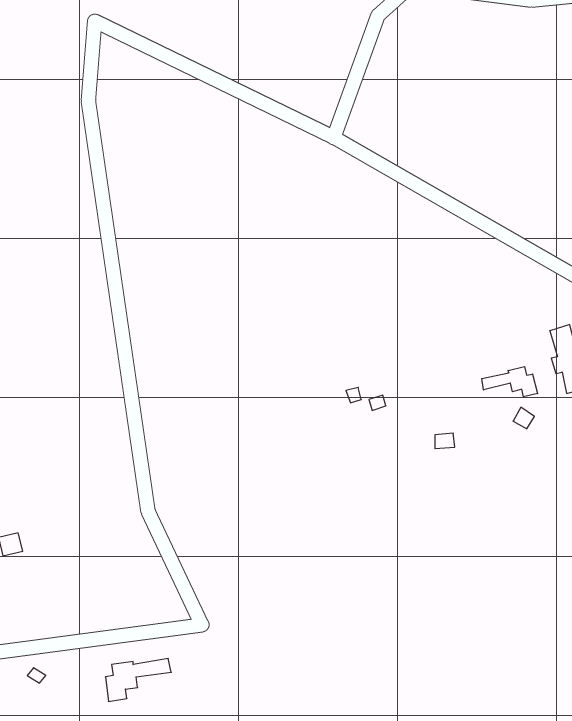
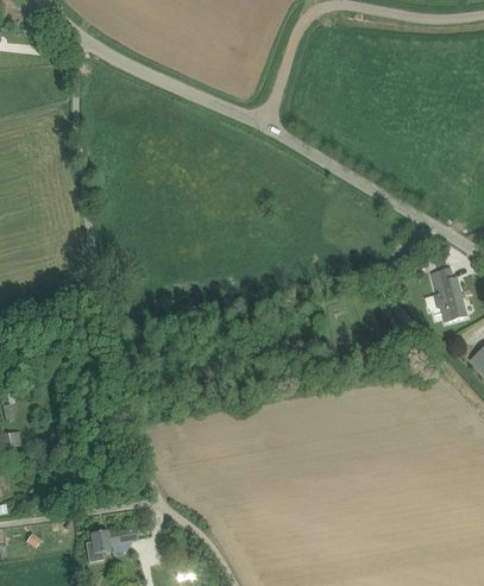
building: [482,367,538,397] -> none

